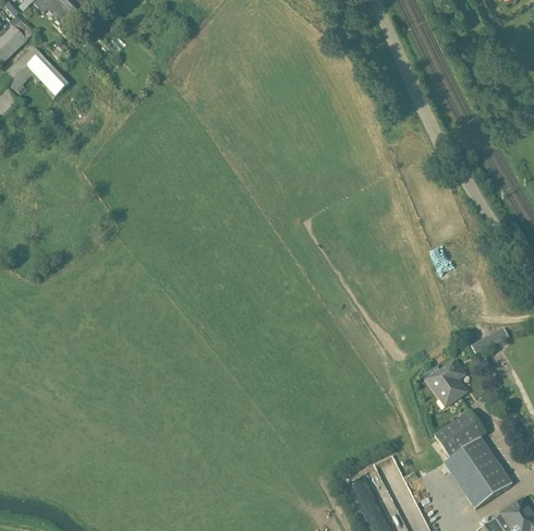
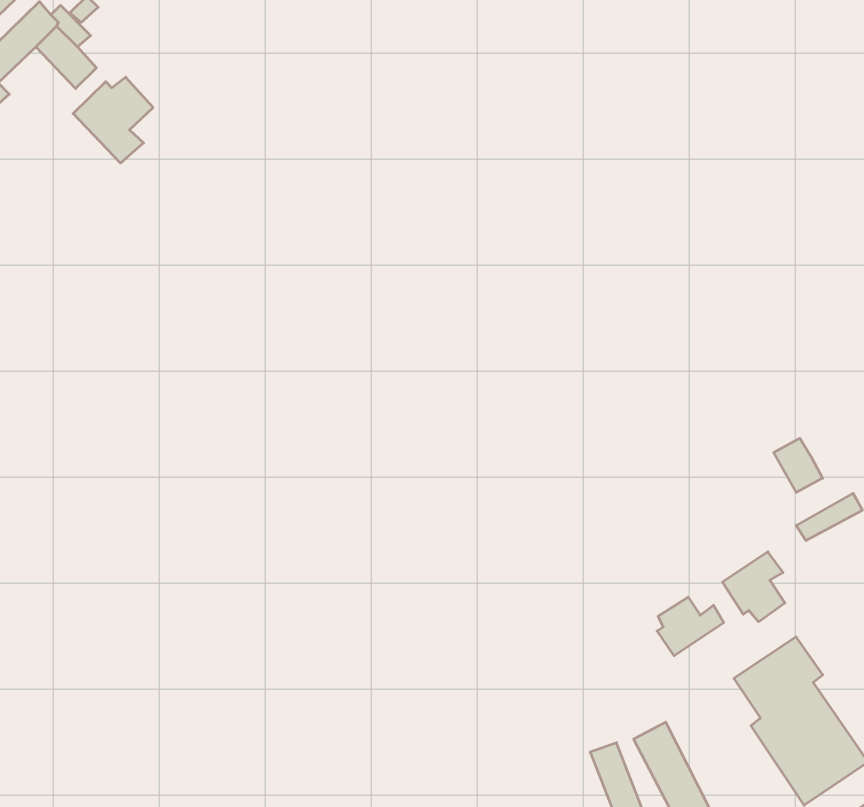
building: none -> [73,77,153,163]
building: none -> [774,438,823,492]
building: none -> [657,597,724,656]

